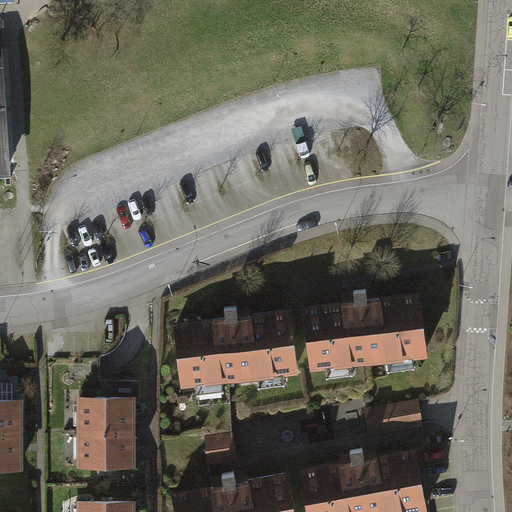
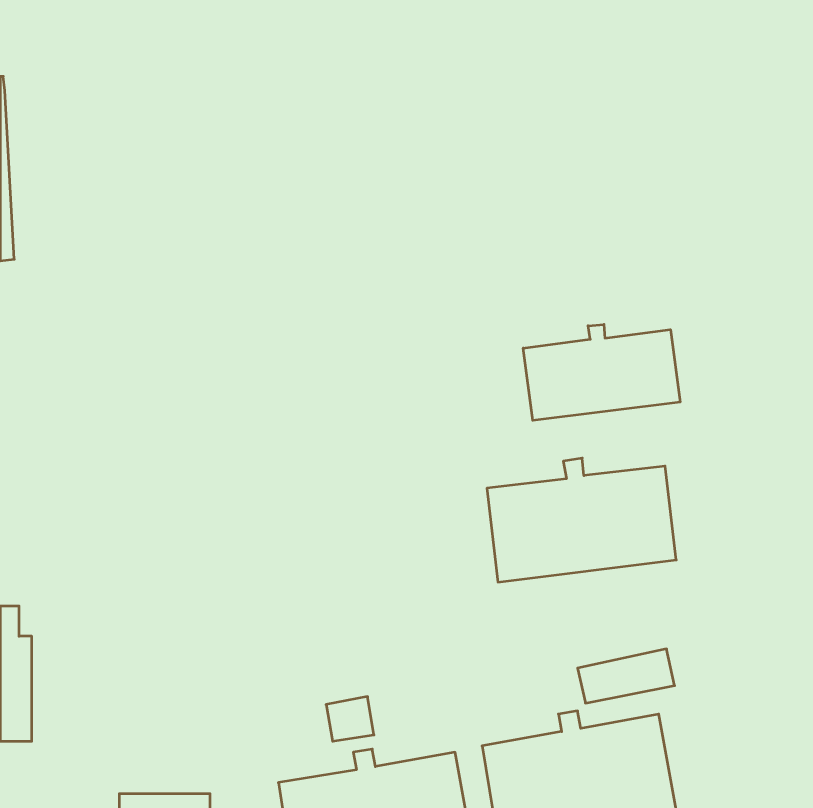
building: none -> [523,324,680,420]
building: [176,308,296,427] -> none
building: [76,383,140,482] -> none

